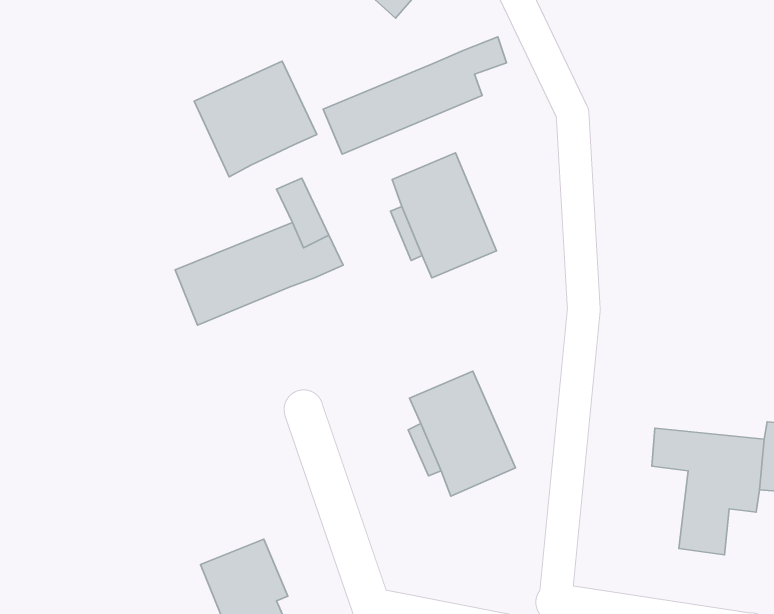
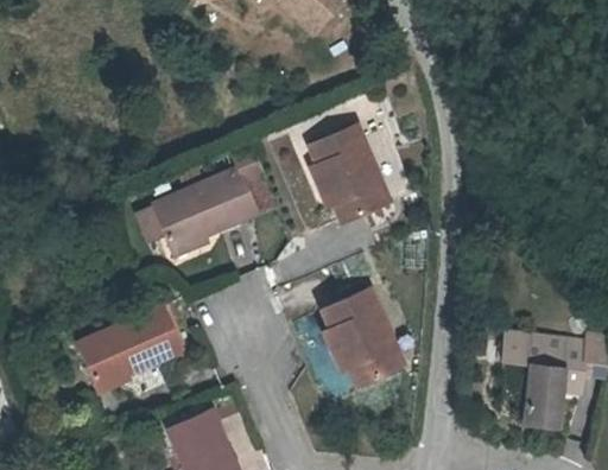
building: [323,37,506,154] -> none
building: [194,61,317,177] -> none
building: none -> [75,306,183,389]

